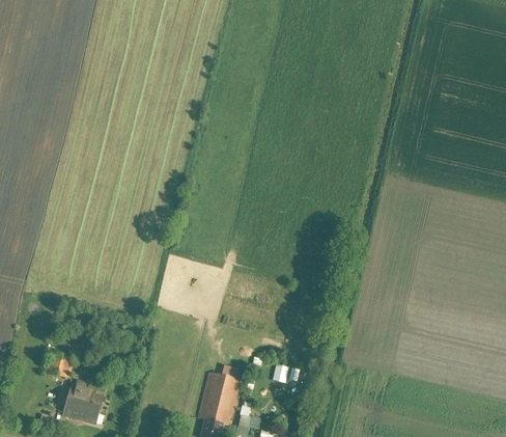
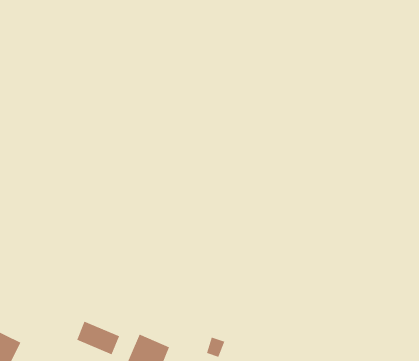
building: none -> [76,321,120,355]

